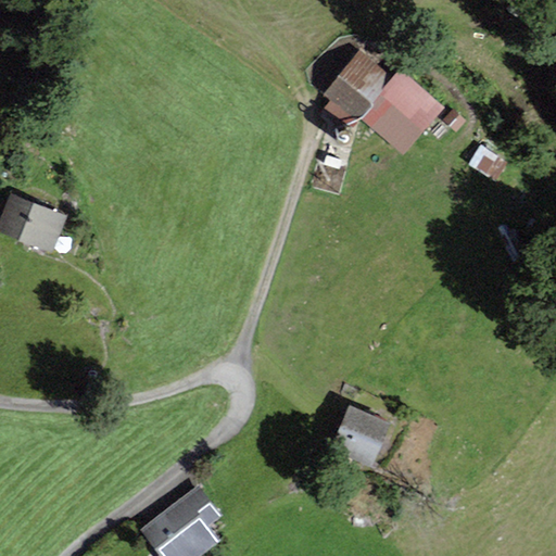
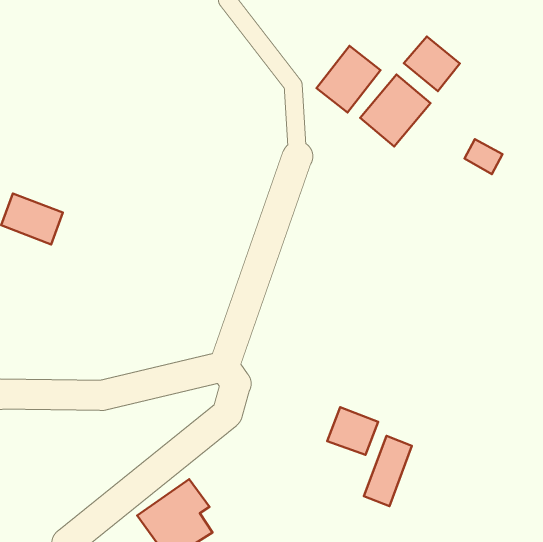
building: none -> [404,36,460,91]
building: none -> [364,436,412,506]

